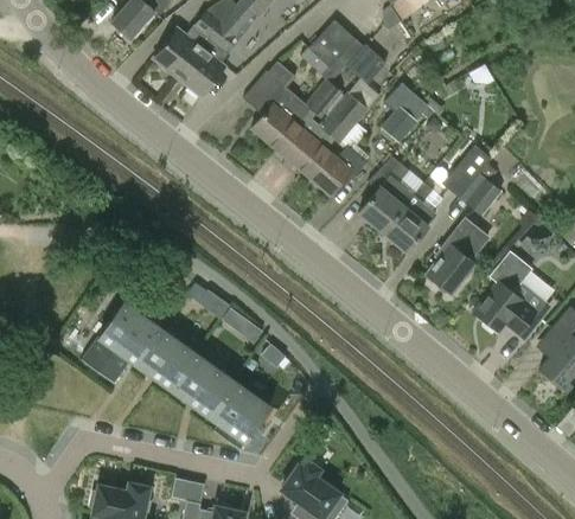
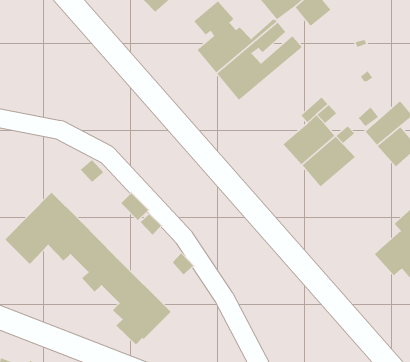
building: [381,105,419,143] -> none
building: [305,107,369,194] -> none
building: [426,218,488,294] -> none

